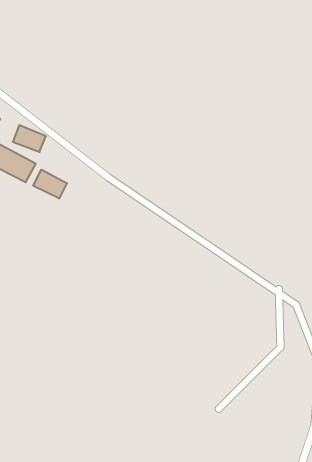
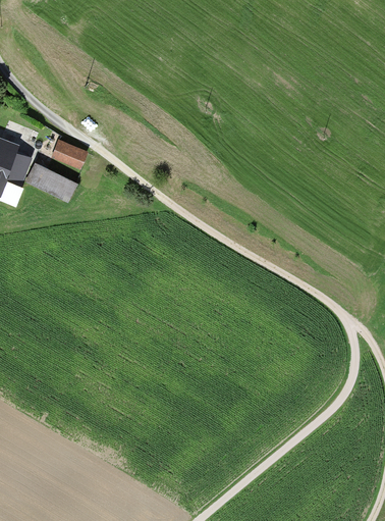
building: [33,170,67,199] -> none

